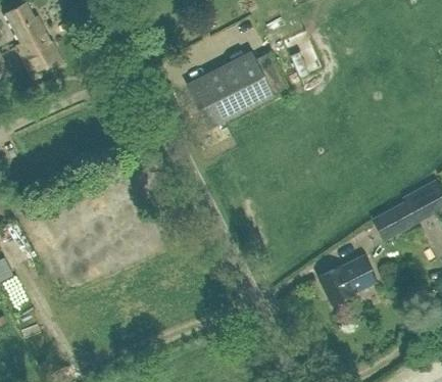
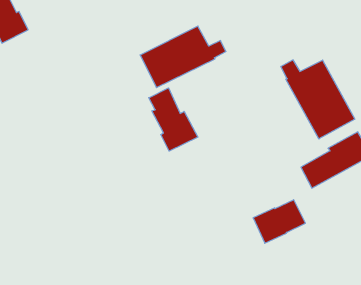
building: none -> [281,60,355,139]
building: none -> [149,88,198,151]

